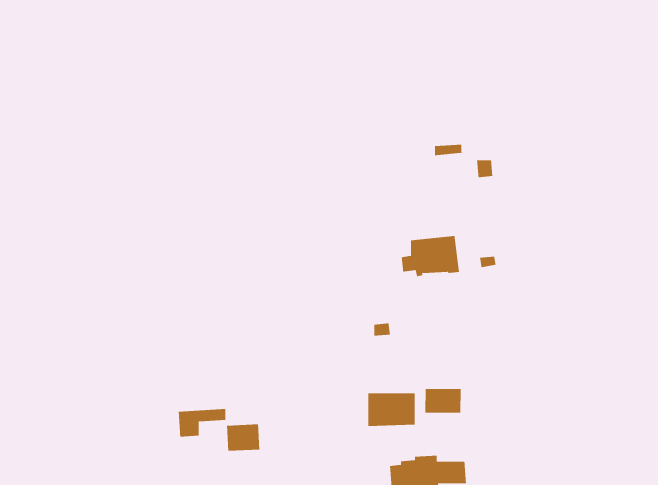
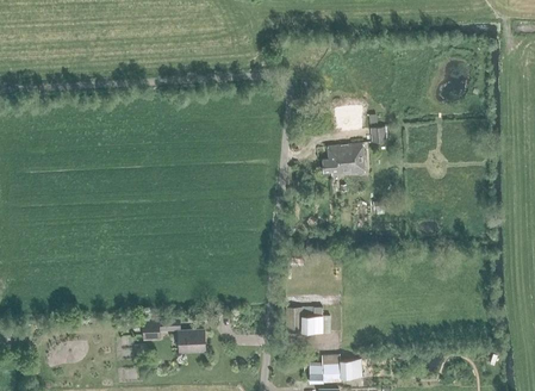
building: [401,235,460,277] -> [321,143,366,175]
building: [424,388,462,414] -> none

